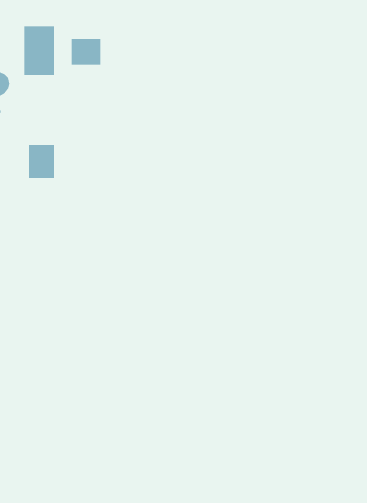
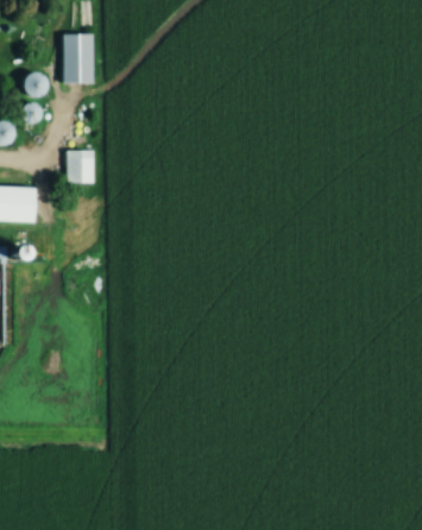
building: [71,38,101,66] -> none

